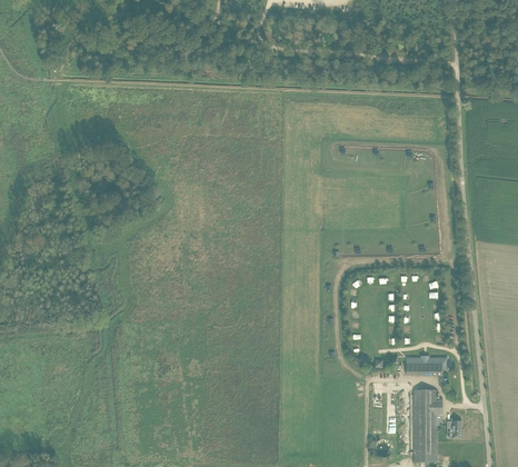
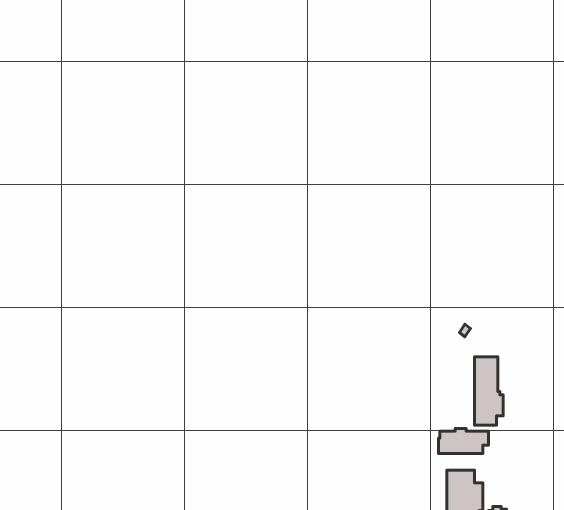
building: none -> [475,357,503,425]

